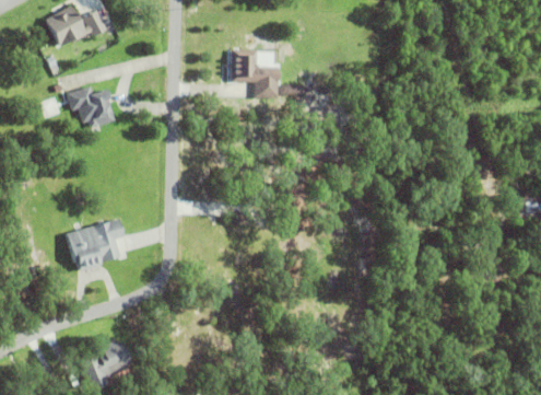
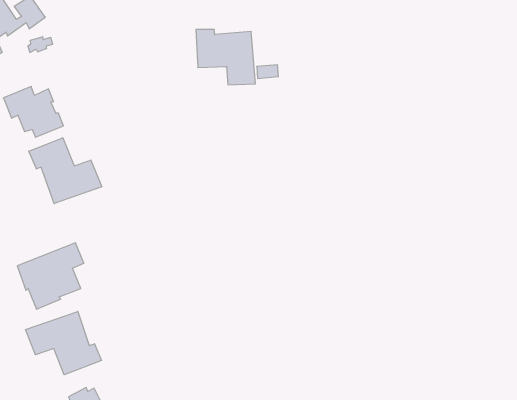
building: none -> [29,138,102,204]
building: none -> [25,311,102,375]

